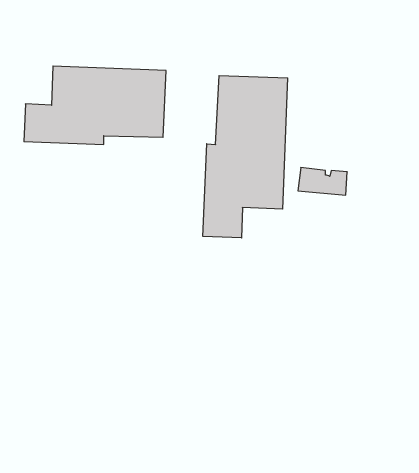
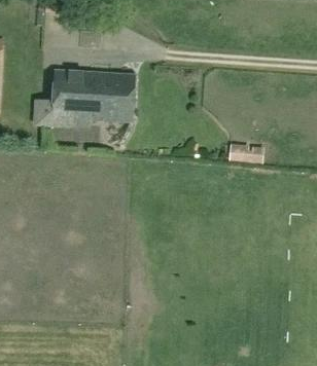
building: [203,76,288,238] -> none

